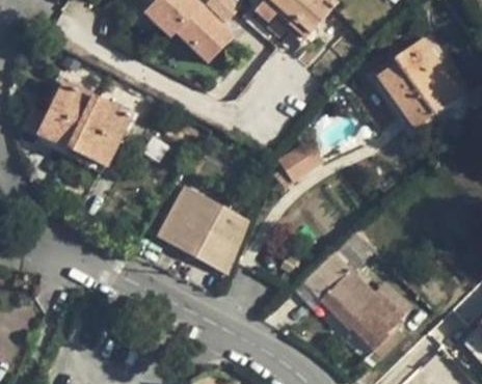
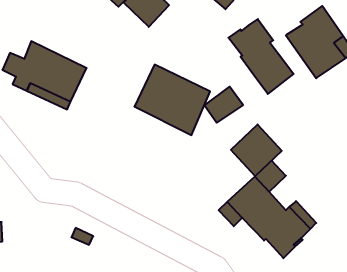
building: none -> [228,19,294,94]
building: none -> [231,124,282,176]
building: [154,188,247,275] -> [134,65,210,135]

